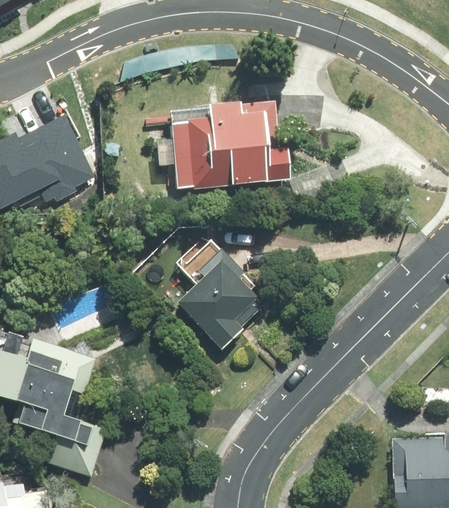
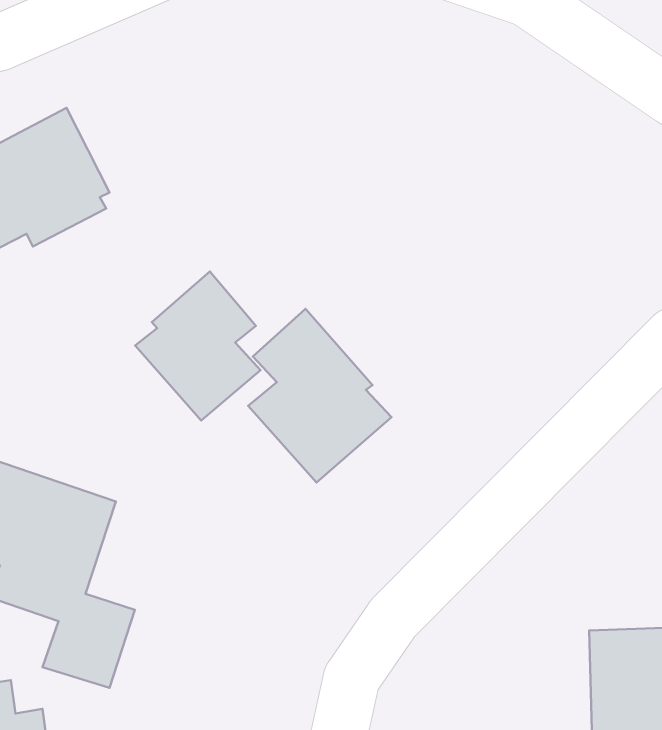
building: [172,102,291,189] -> none
building: none -> [135,272,260,421]

